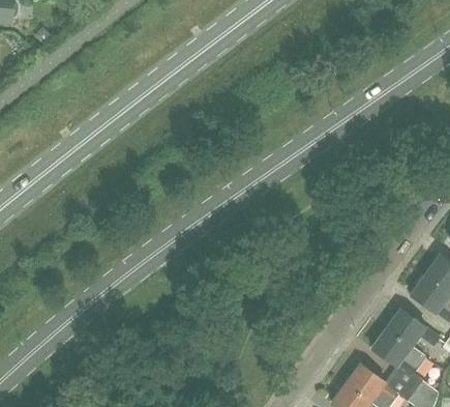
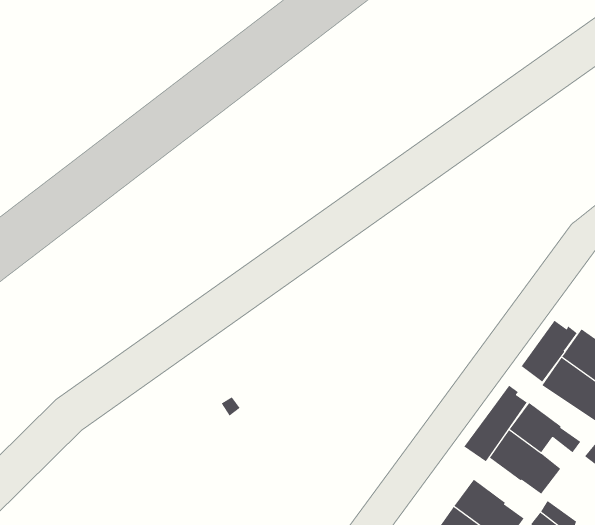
building: none -> [521,320,578,383]
building: none -> [463,385,528,462]

